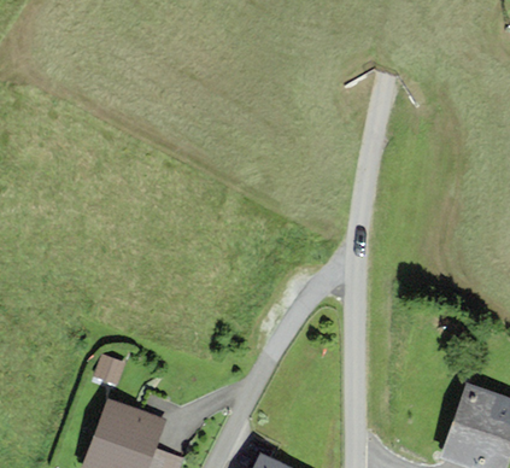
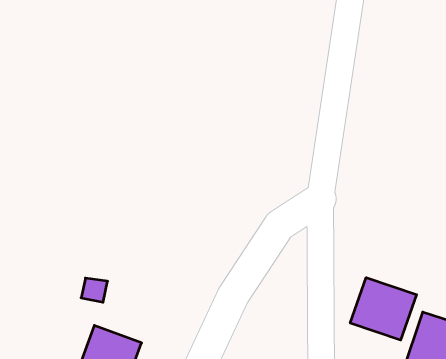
building: none -> [350,278,417,340]

